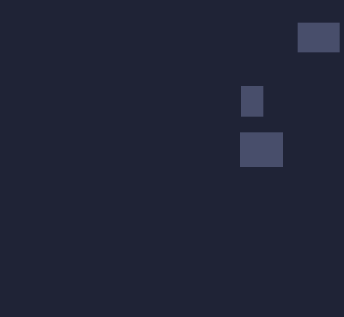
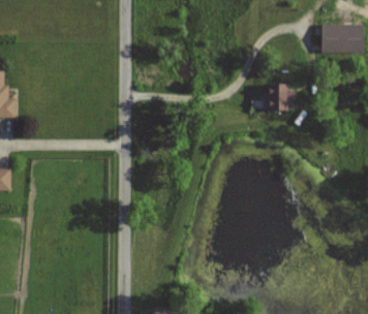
building: [239,131,284,168] -> none

